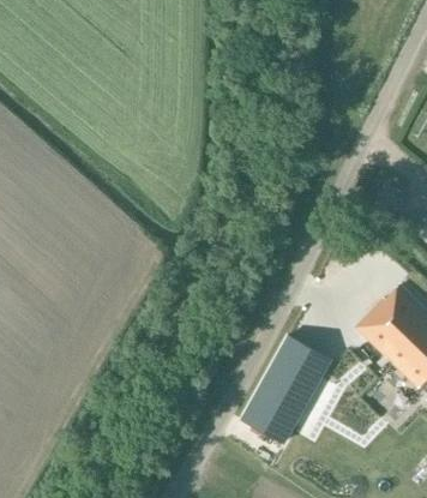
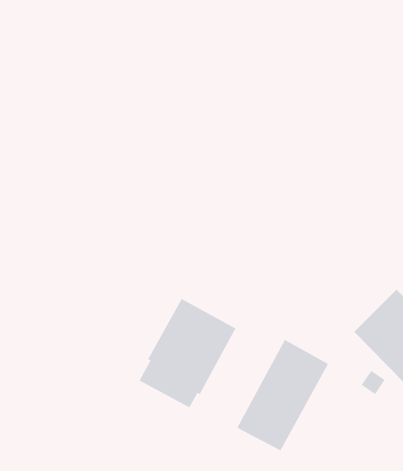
building: none -> [139,298,236,408]

